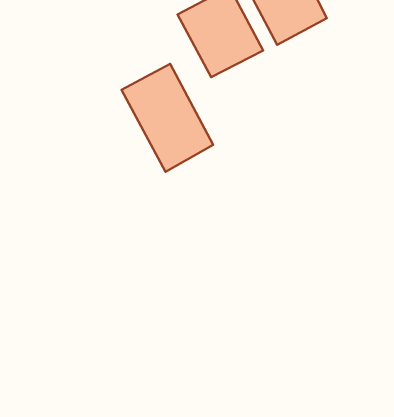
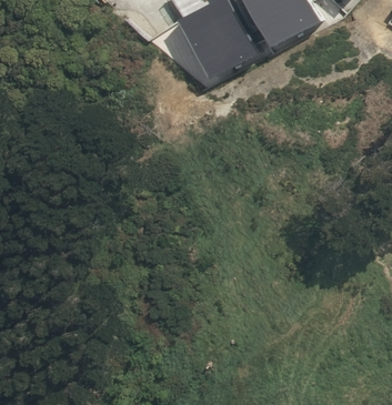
building: [121,64,213,172] -> none

